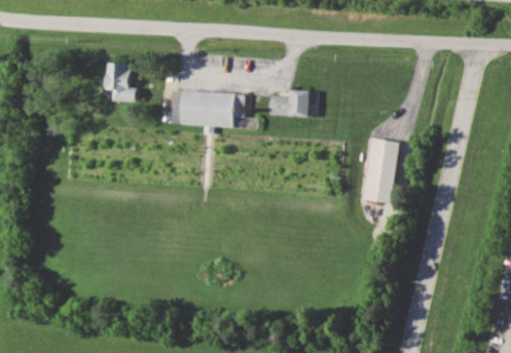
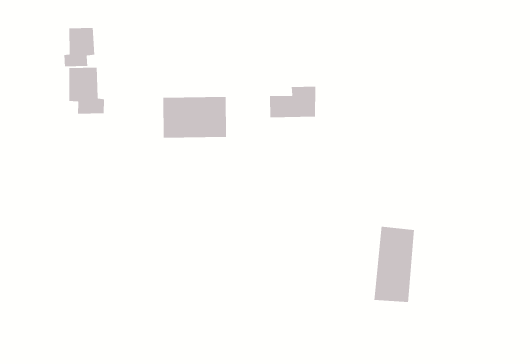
building: none -> [63,27,95,67]
building: [362,138,400,202] -> [374,226,415,303]

